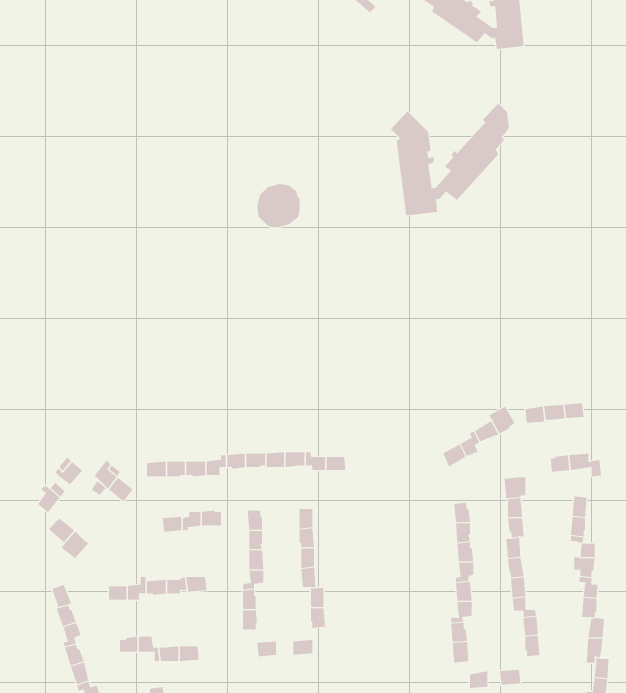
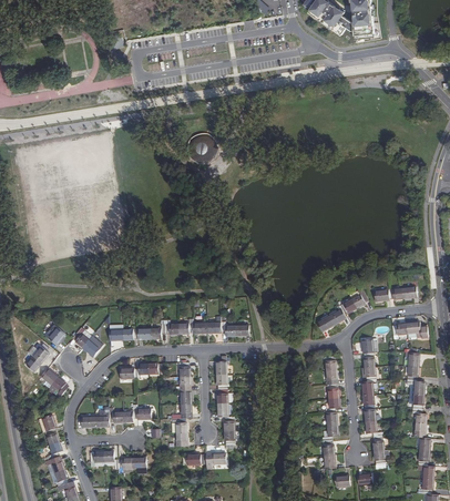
building: [390,103,509,216] -> none

